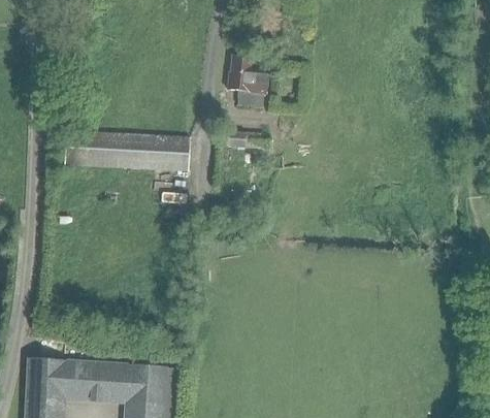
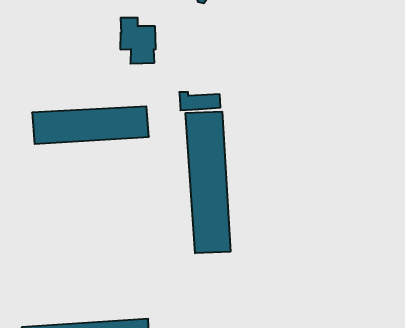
building: [228,55,268,107] -> [120,18,156,64]
building: none -> [186,112,230,253]

